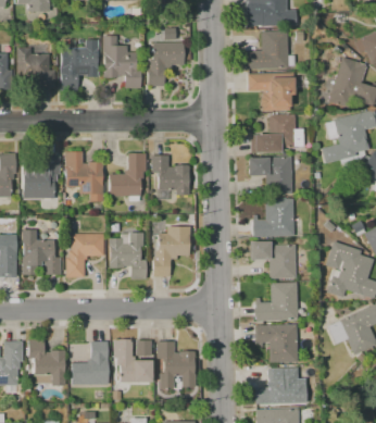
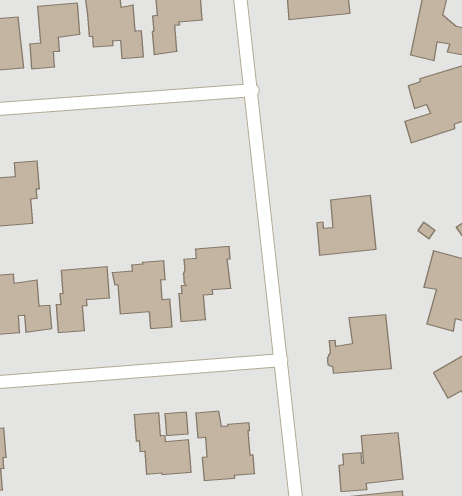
building: [248,73,293,111] -> none
building: [251,114,303,151] -> none
building: [64,151,103,201] -> none
building: [109,153,146,197] -> none
building: [152,154,189,195] -> none
building: [248,157,291,195] -> none
building: [250,241,296,278] -> none
building: [254,324,297,362] -> none
building: [28,338,65,385] -> none
building: [72,341,108,385] -> none

